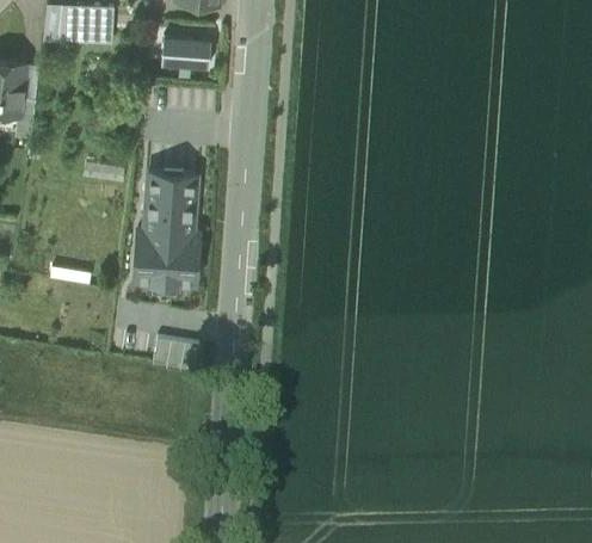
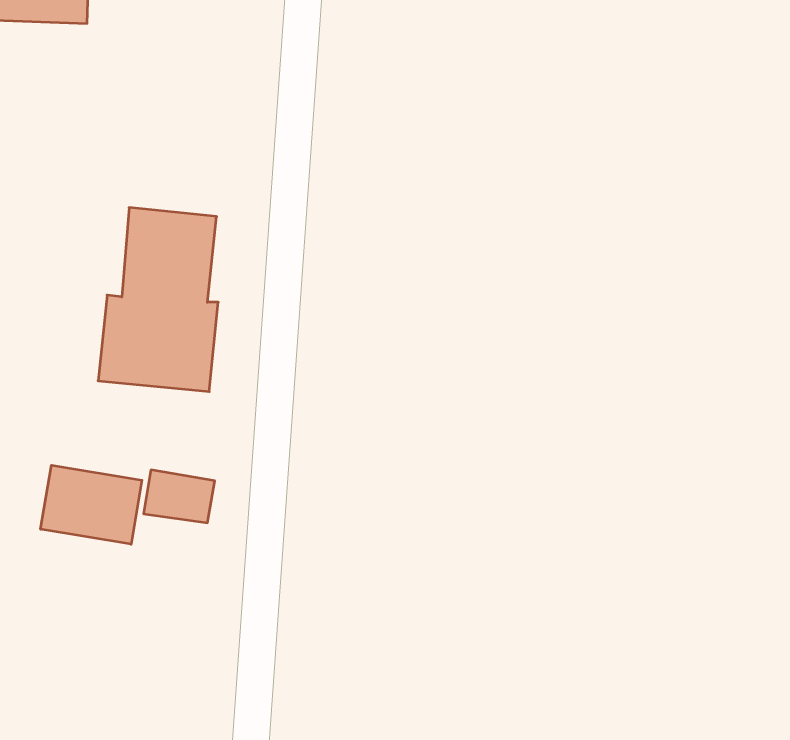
building: [161,37,209,61] -> none
building: none -> [41,465,142,544]

